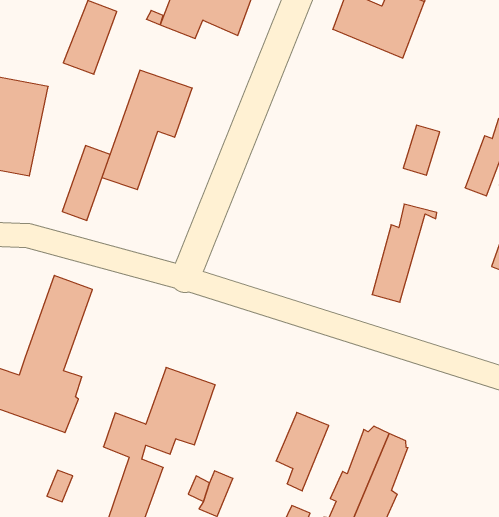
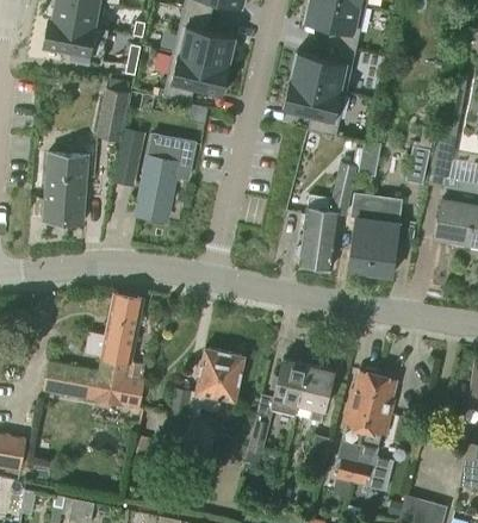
building: none -> [283,80,344,137]
building: [62,146,110,220] -> [114,129,143,183]
building: none -> [296,162,355,268]
building: none -> [371,194,402,276]
building: none -> [271,360,308,417]

